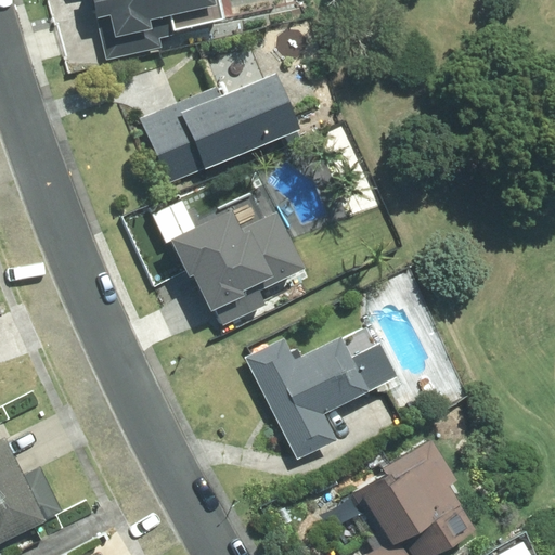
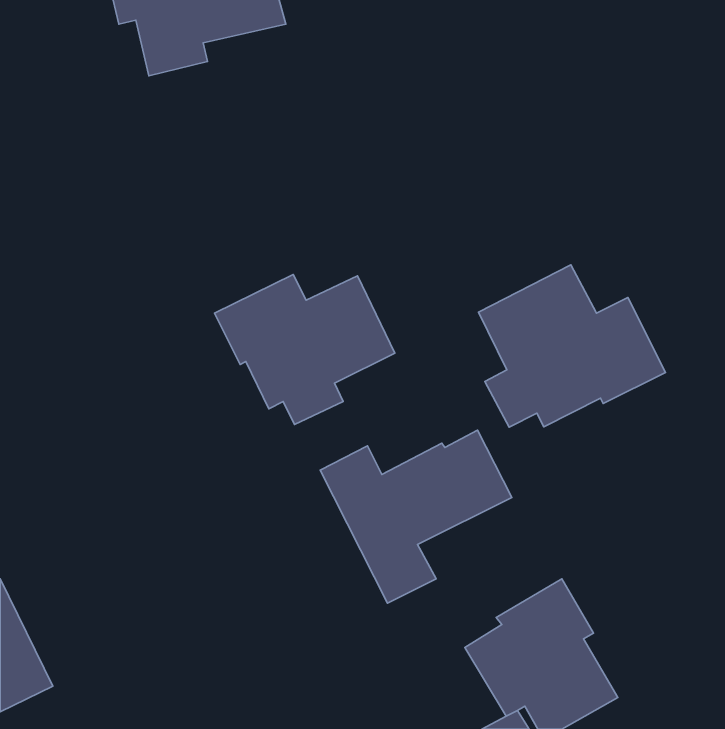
building: [142,73,299,184] -> none
building: none -> [478,265,666,427]

